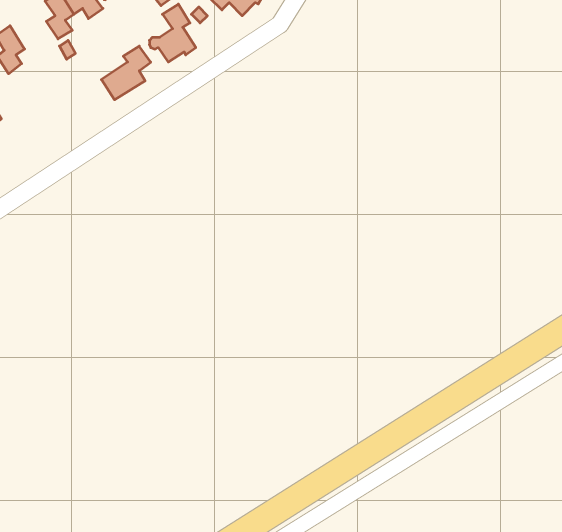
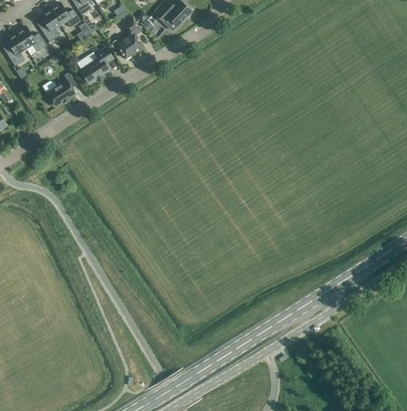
building: none -> [16,25,46,51]
building: none -> [46,73,76,106]

